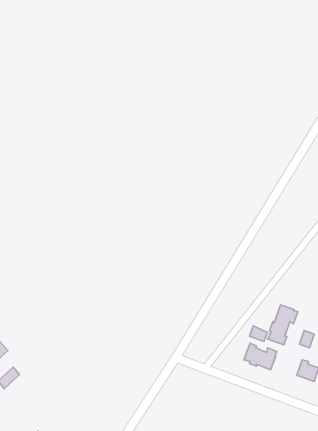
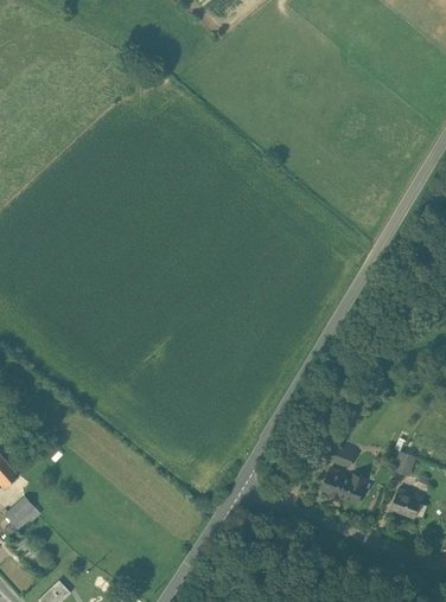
building: [268,305,298,345] -> none

